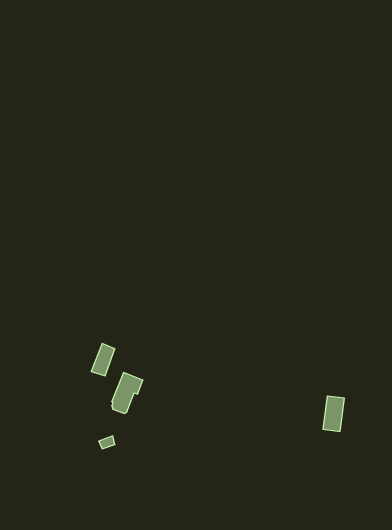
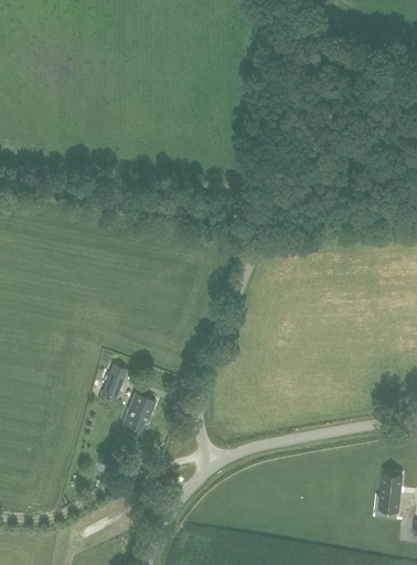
building: [323,396,344,431] -> [378,472,400,509]

